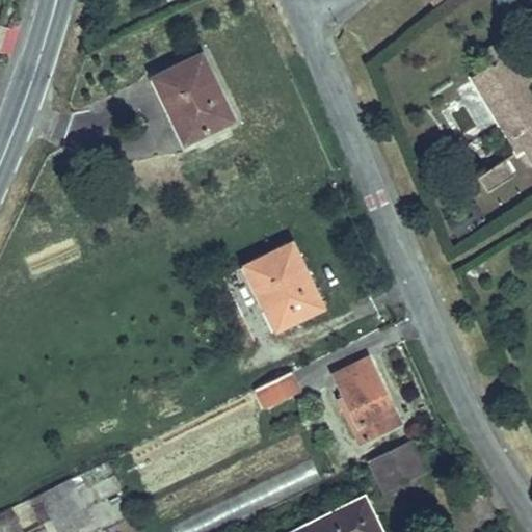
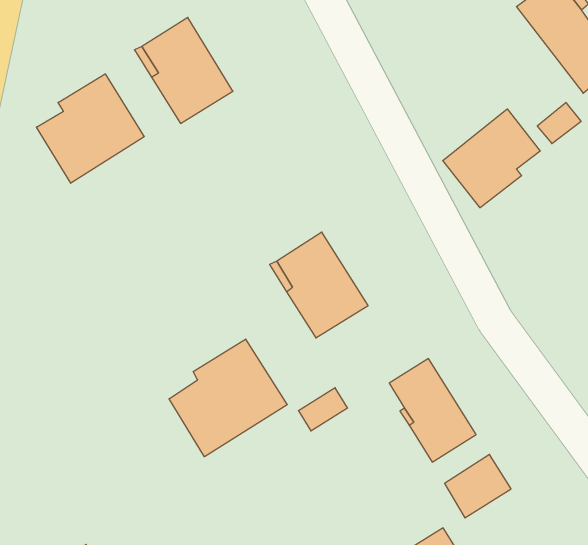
building: none -> [36,74,144,183]
building: none -> [443,109,540,208]
building: none -> [169,339,287,457]

